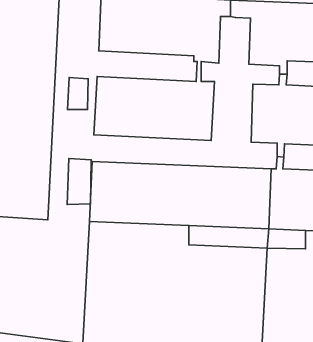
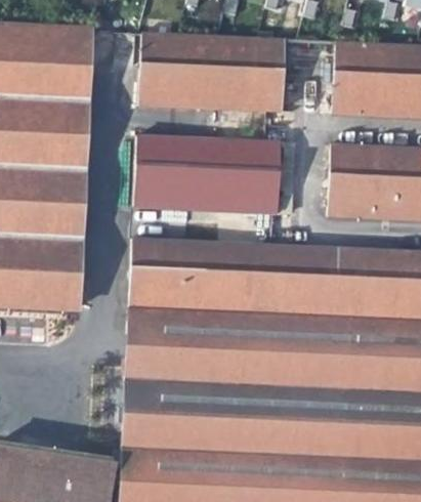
building: [68,78,88,109] -> none
building: [67,159,91,204] -> none
building: none -> [251,318,349,345]

